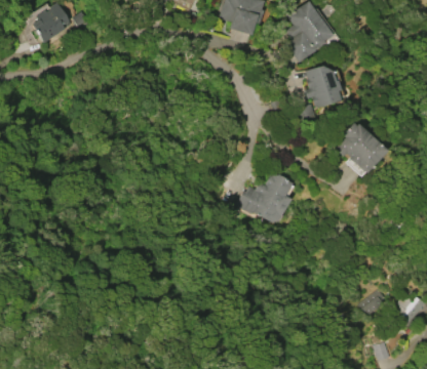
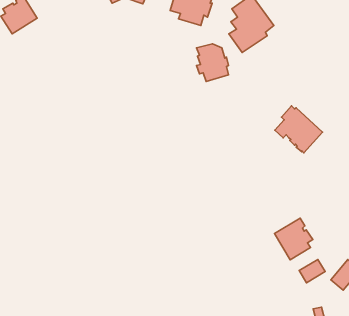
building: [305,66,340,107] -> [197,44,228,81]
building: [238,173,294,222] -> none
building: none -> [275,218,313,260]

